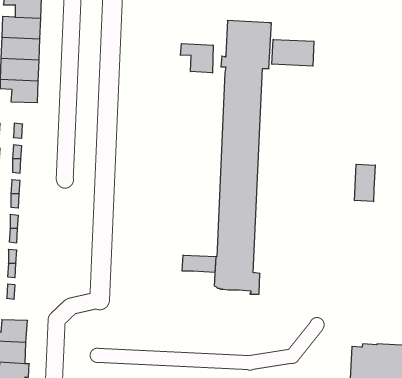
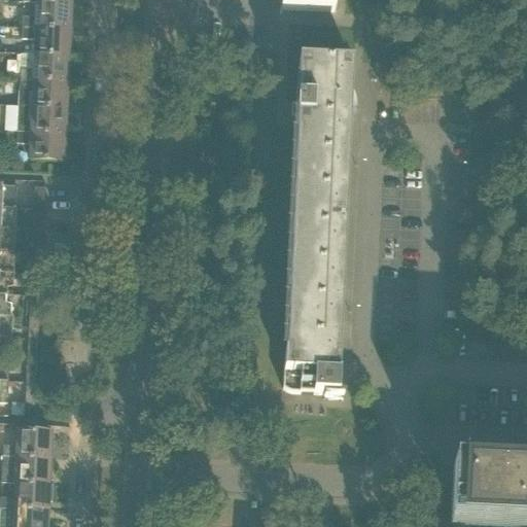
building: [272,39,314,66] -> none
building: [181,44,213,73] -> none
building: [355,164,375,202] -> none
building: [182,255,216,273] -> none

